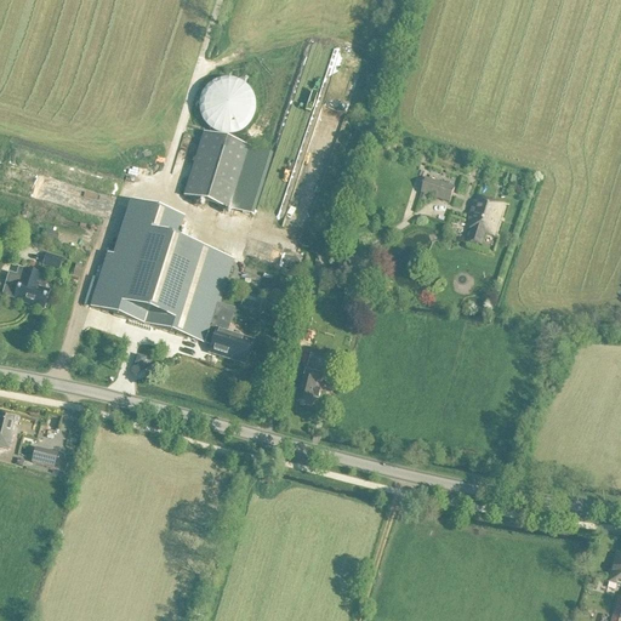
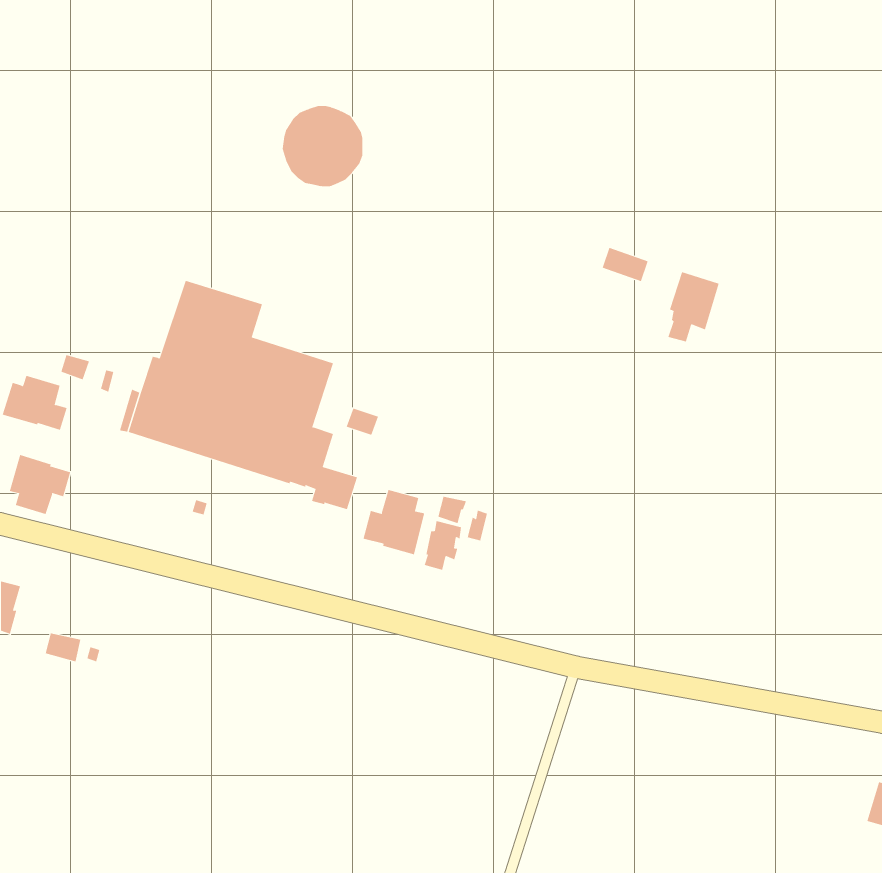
building: [184,129,273,213] -> none
building: none -> [9,454,71,515]
building: none -> [363,489,425,555]

